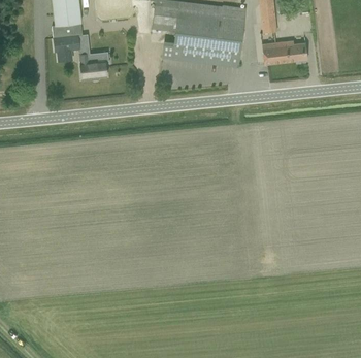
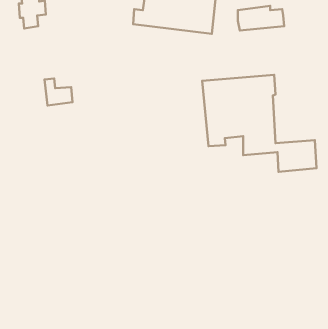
building: [79,54,106,79] -> [44,79,72,106]
building: none -> [202,75,317,172]

